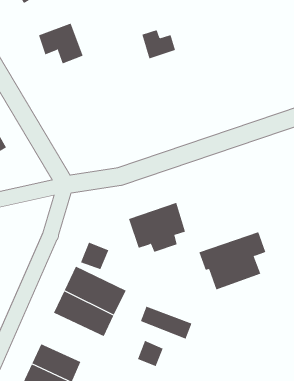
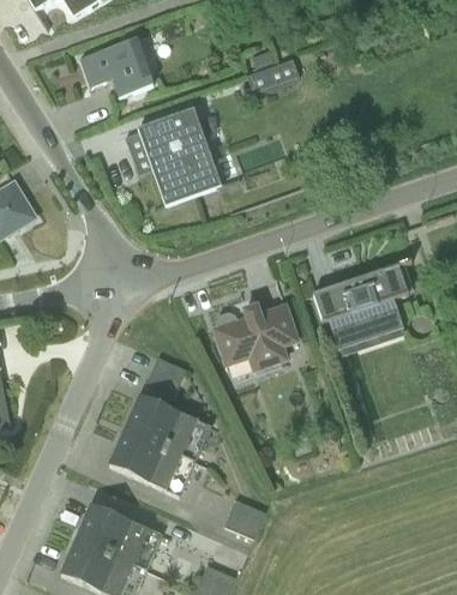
building: none -> [136,110,221,206]
building: [198,232,266,290] -> [311,265,409,350]
building: [140,306,192,339] -> none

